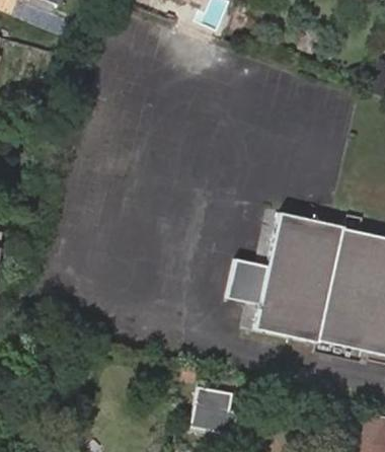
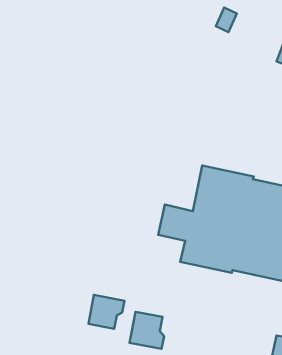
building: none -> [89,295,124,329]

